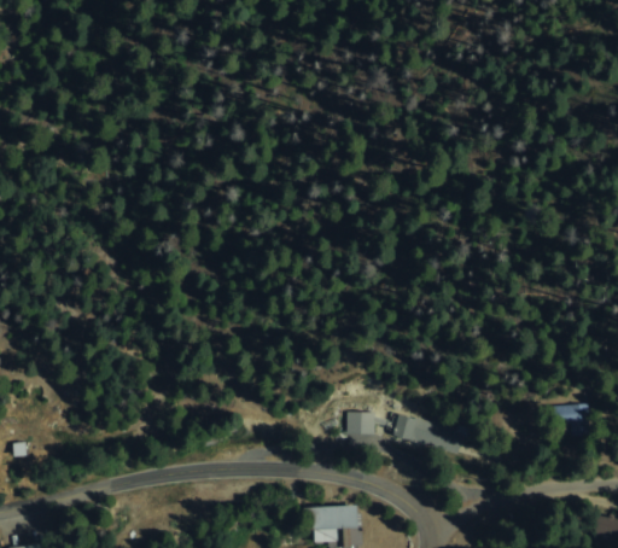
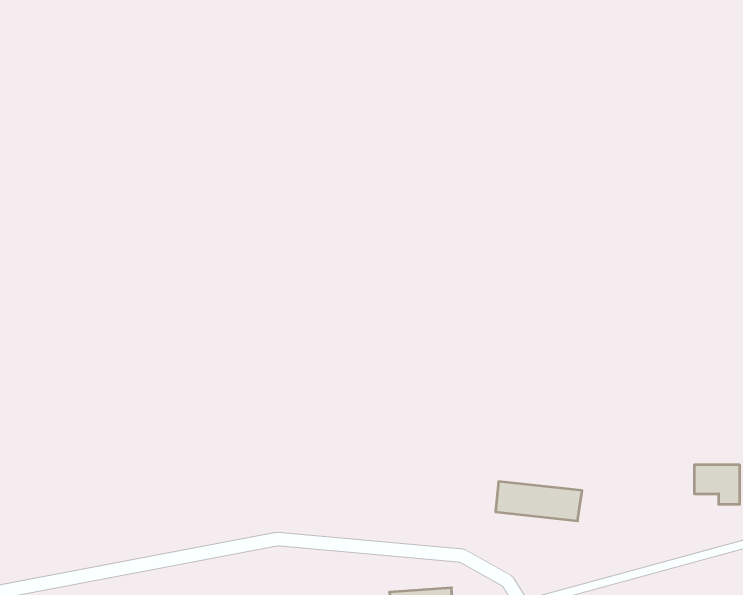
building: [346,413,373,435] -> none

